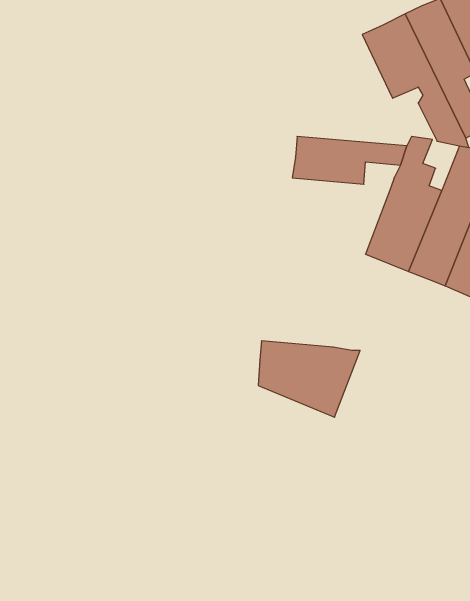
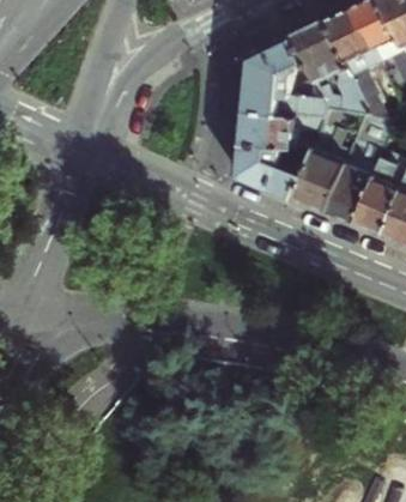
building: none -> [240,34,326,117]
building: [258,341,360,417] -> [234,141,310,199]

